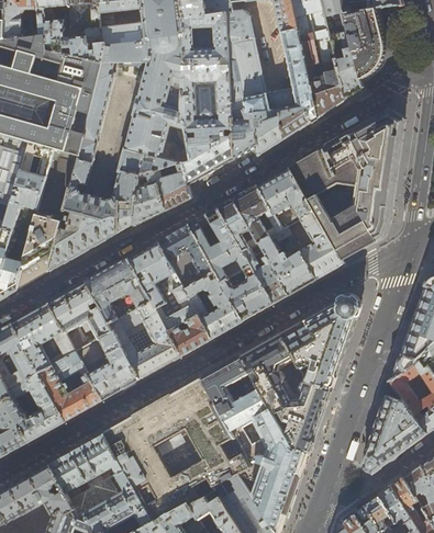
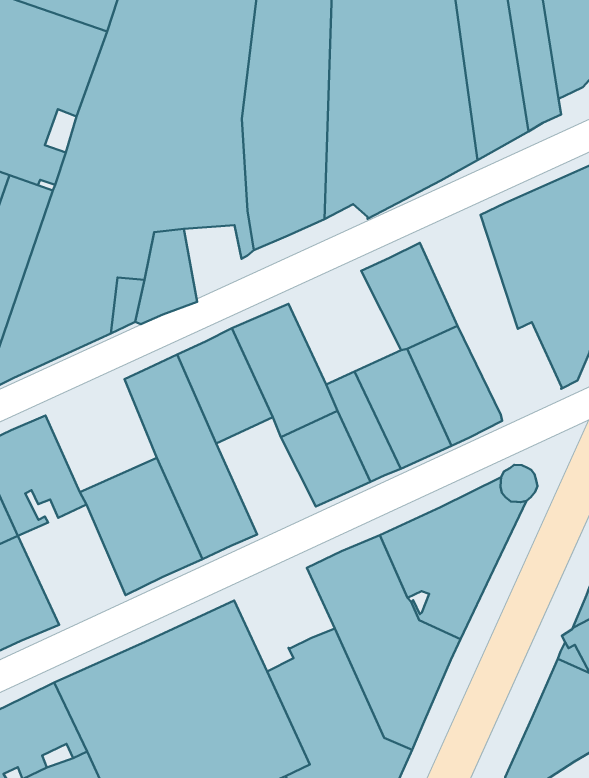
building: [287,149,374,261] -> none
building: [153,167,190,212] -> none
building: [215,186,281,252] -> none
building: [84,259,148,325] -> none
building: [181,273,241,340] -> none
building: [74,331,137,400] -> none
building: [199,356,257,417] -> none

